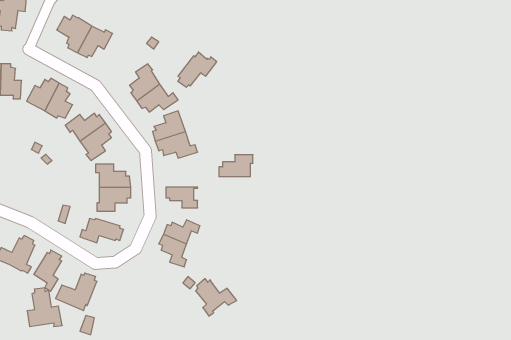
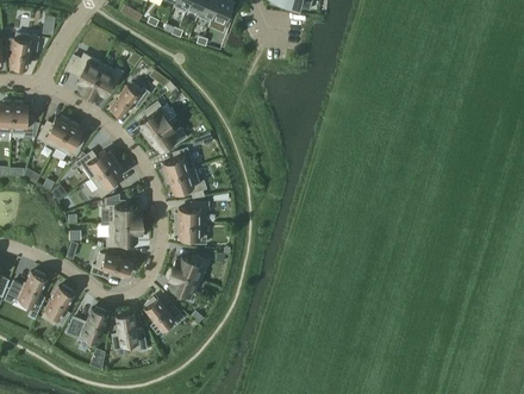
building: [178,52,217,87] -> [111,82,149,117]
building: [219,155,253,177] -> [175,201,208,223]
building: [196,279,237,316] -> [144,296,185,333]
building: [27,288,62,327] -> [112,311,146,349]

